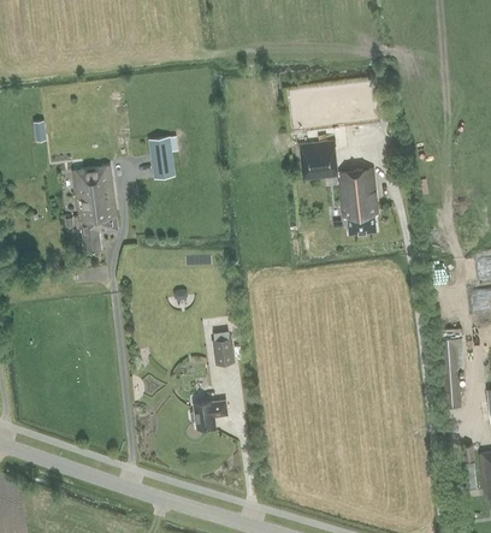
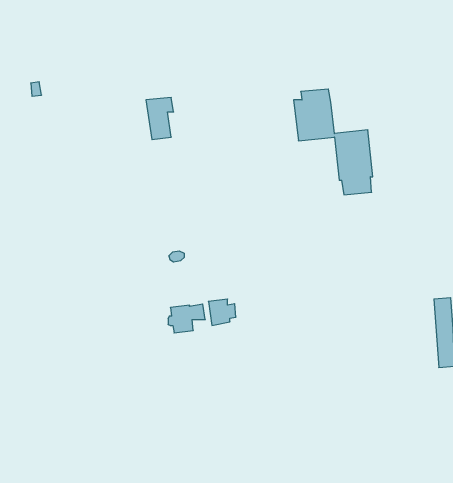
building: [72,166,117,250] -> none
building: [191,399,229,428] -> [168,304,205,333]

